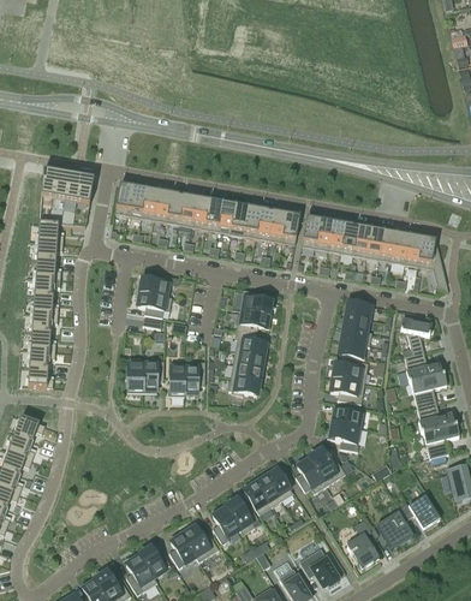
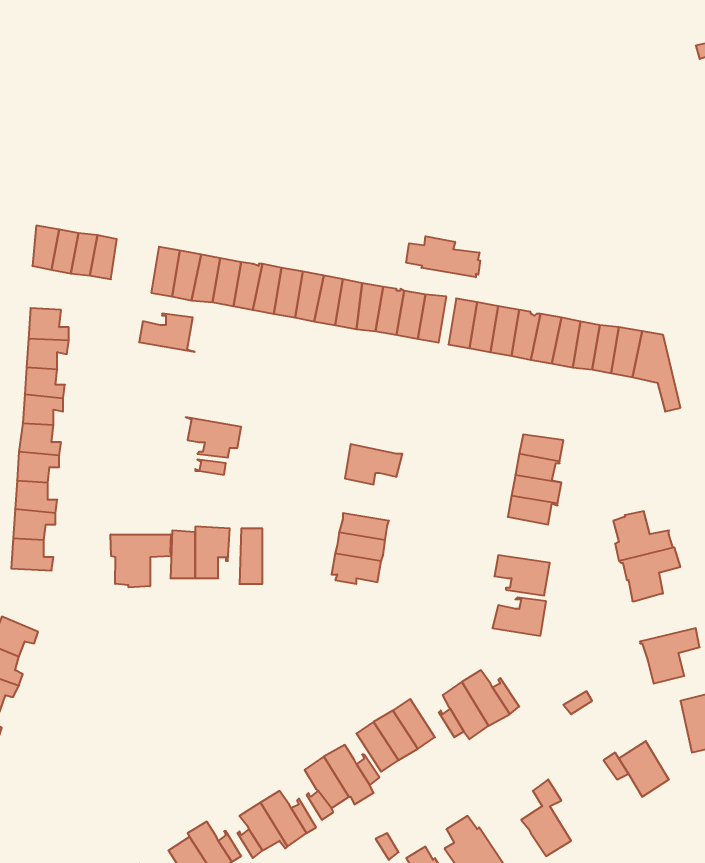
building: none -> [406,236,480,277]
building: [136,272,171,296] -> [139,314,195,352]
building: [239,287,270,313] -> none
building: [399,317,431,351] -> none
building: [234,328,266,355] -> none
building: [332,357,368,381] -> none
building: [184,359,204,392] -> none
building: none -> [111,534,171,587]
building: [417,400,455,430] -> none
building: [326,422,358,450] -> none
building: [376,508,412,547] -> none

